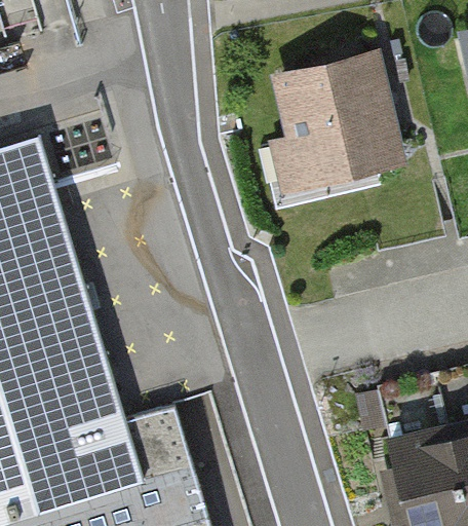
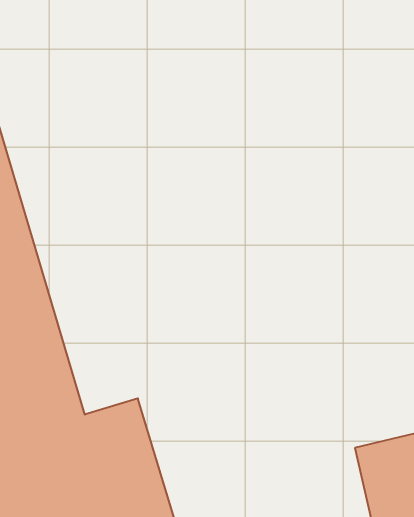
building: [268,61,400,195] -> none

